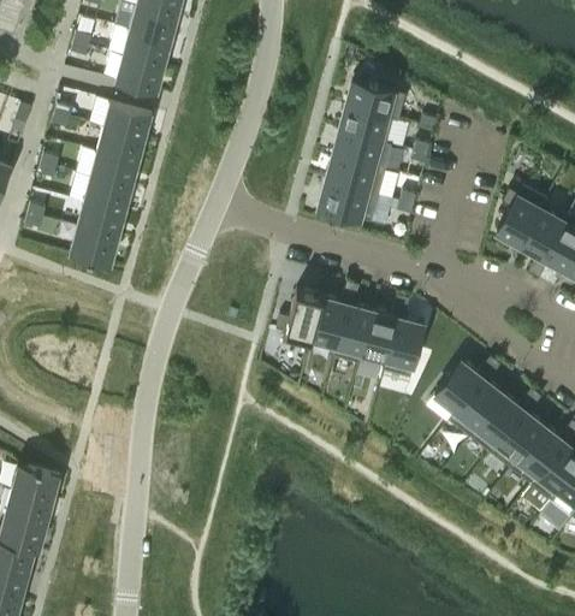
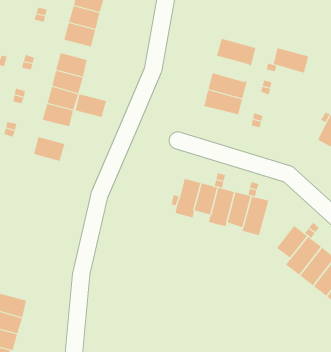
building: [339,107,393,146] -> [273,47,309,73]
building: [319,183,379,223] -> none
building: [77,203,125,239] -> [75,94,107,118]

